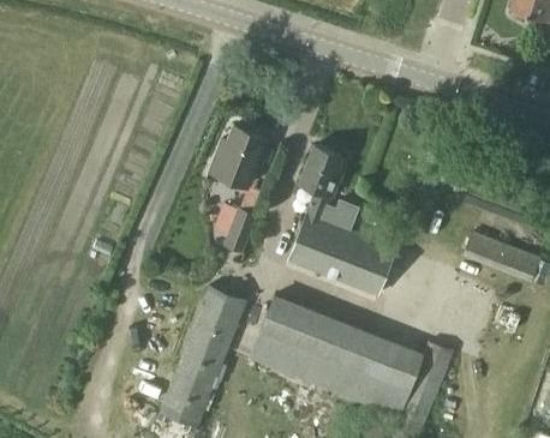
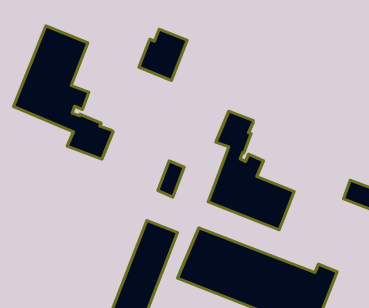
building: none -> [13,26,113,159]
building: [207,124,269,190] -> [139,29,187,80]

